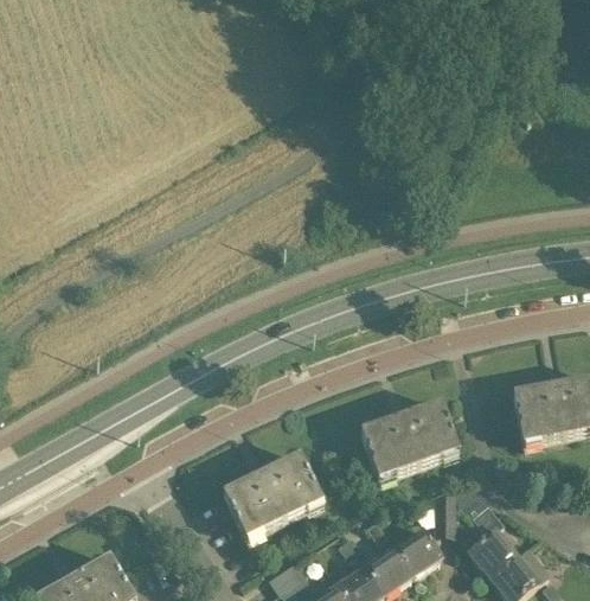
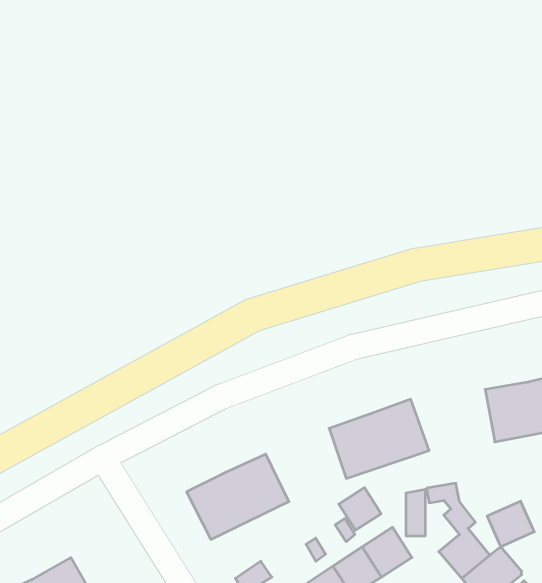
building: none -> [339,488,381,530]
building: none -> [487,501,534,547]

